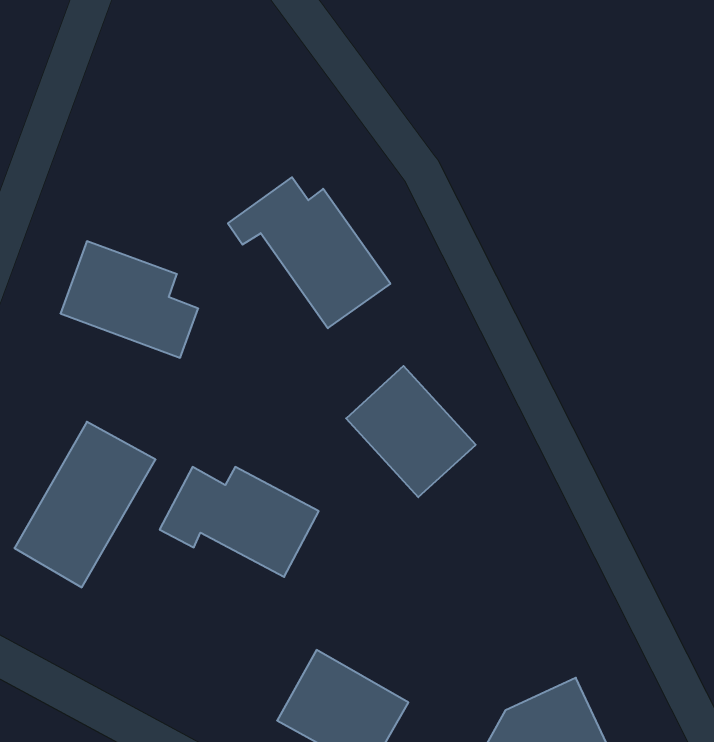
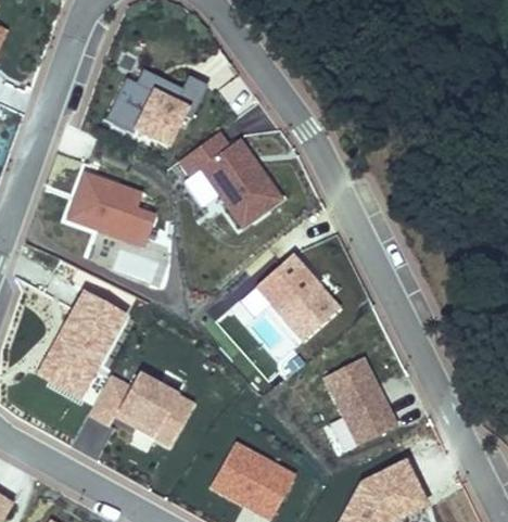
building: none -> [105,69,209,151]
building: [160,467,319,577] -> [88,373,193,446]
building: none -> [322,356,398,446]

